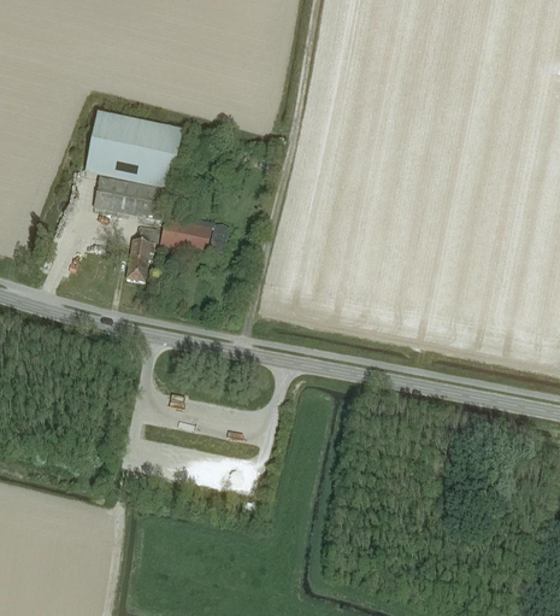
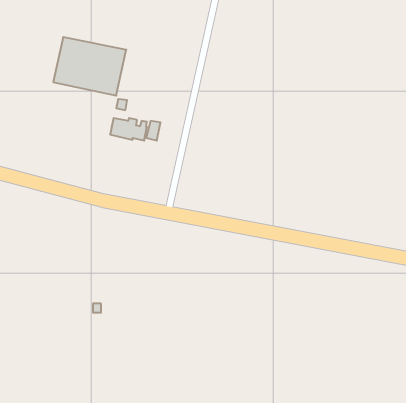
building: [93,176,165,219] -> none
building: [124,223,155,280] -> none

